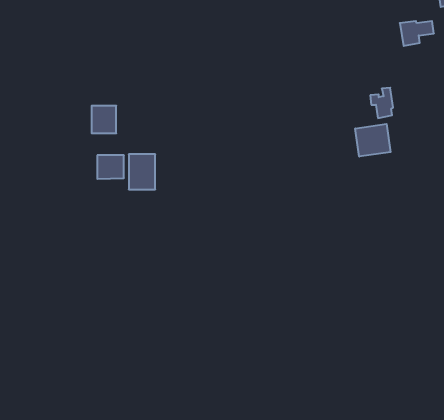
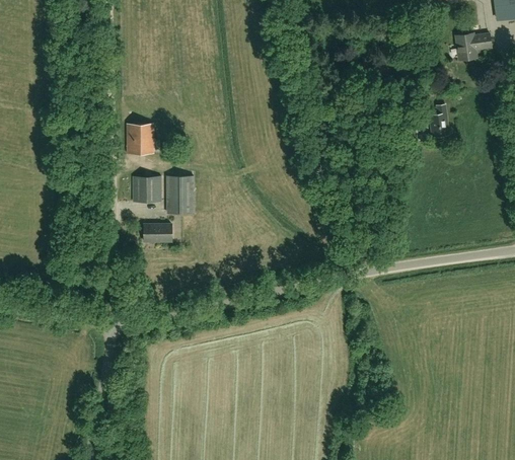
building: [355,124,391,157] -> none
building: none -> [143,224,171,241]

